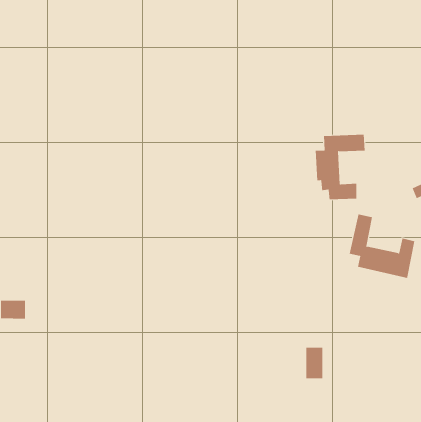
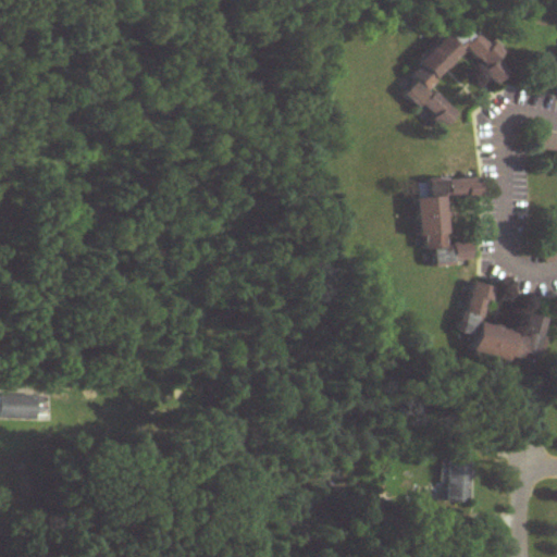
building: none -> [406,18,512,129]
building: [306,347,323,379] -> [449,460,472,502]

